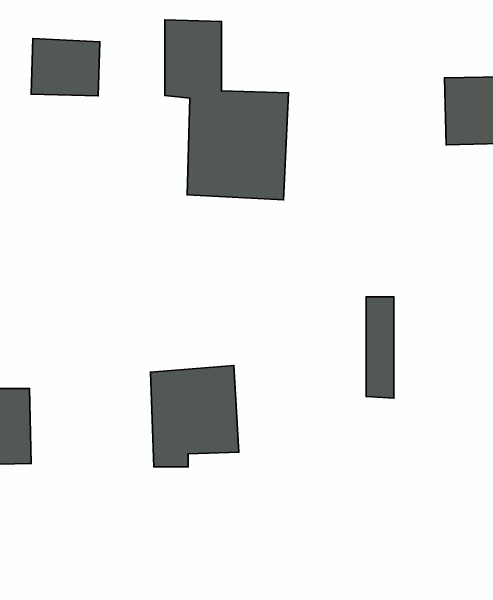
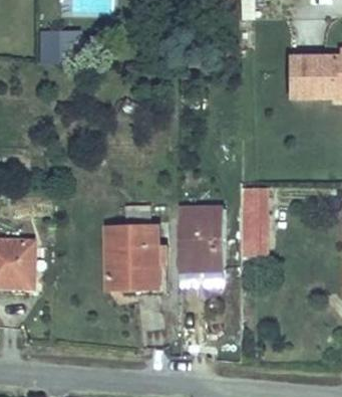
building: [165,20,289,200] -> none
building: none -> [181,209,227,281]

